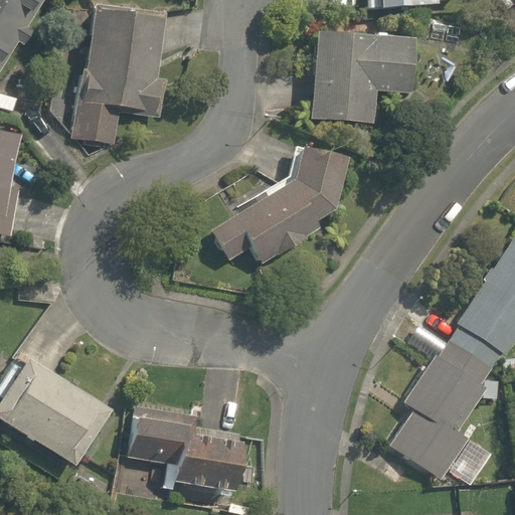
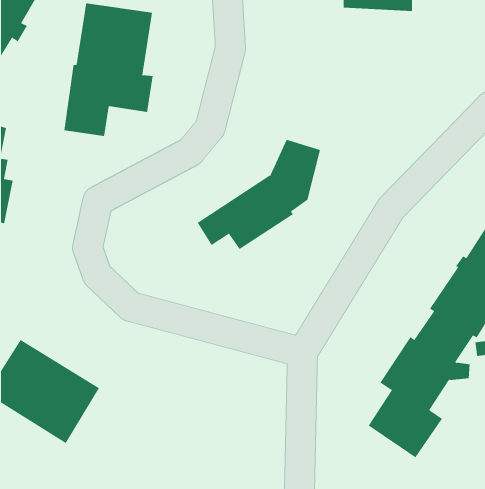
building: [312,33,414,122] -> none
building: [125,405,242,492] -> none

